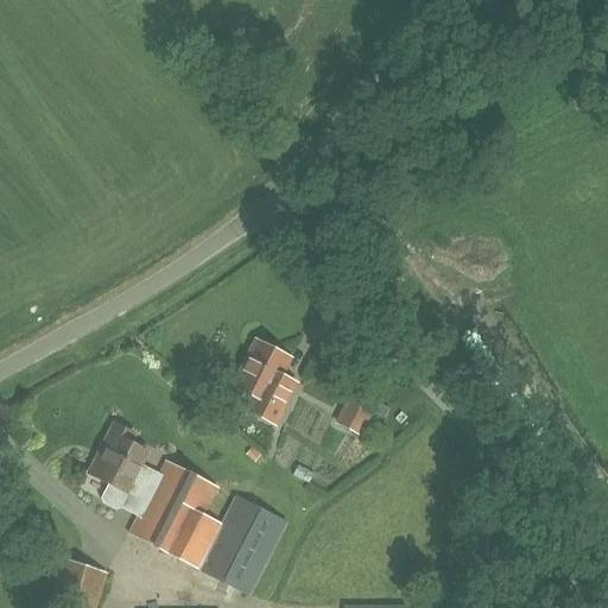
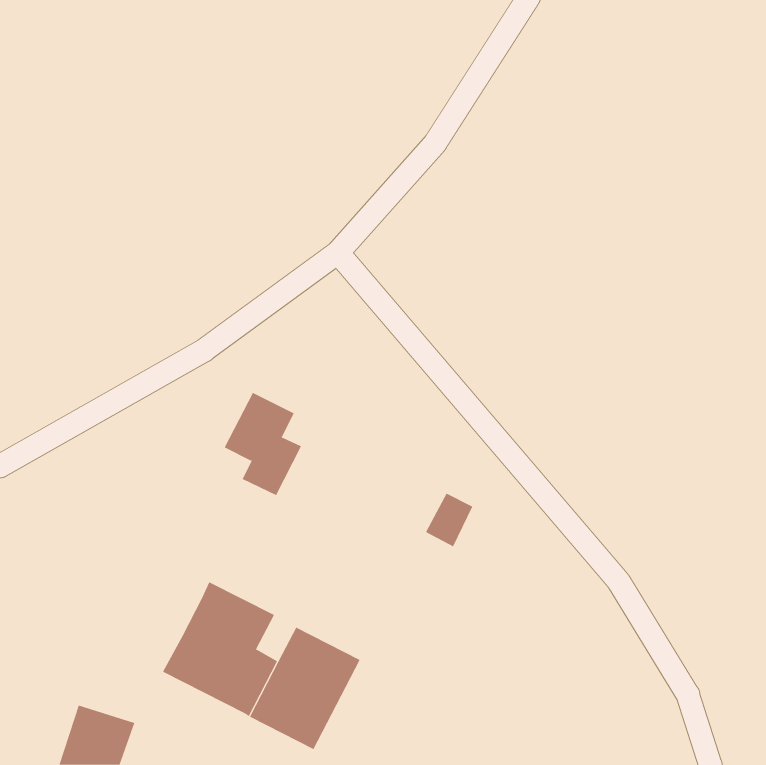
building: [234,340,296,422] -> [224,392,302,496]
building: [89,422,160,507] -> none

